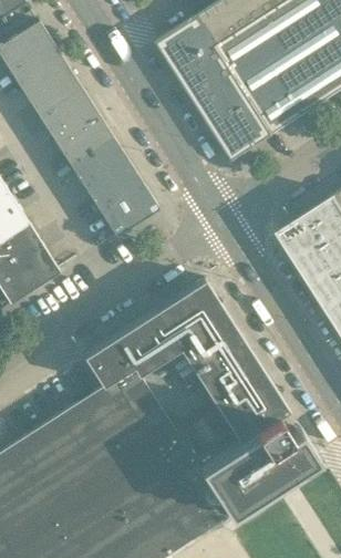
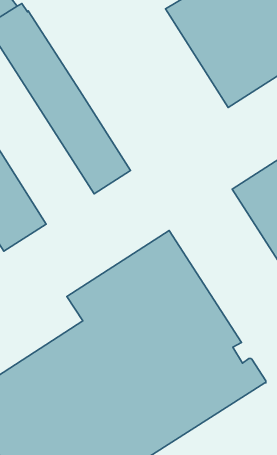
building: [155,13,272,159] -> none

